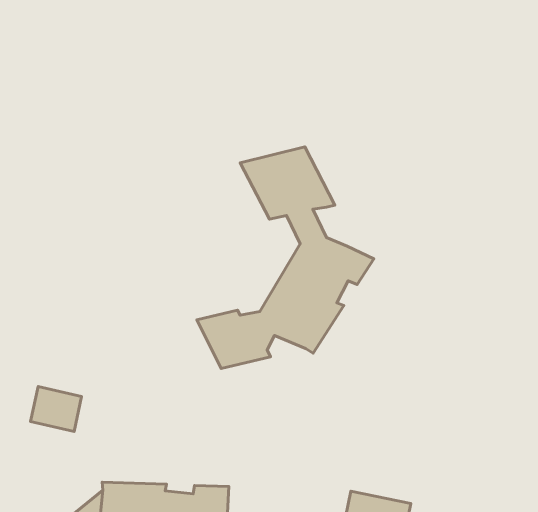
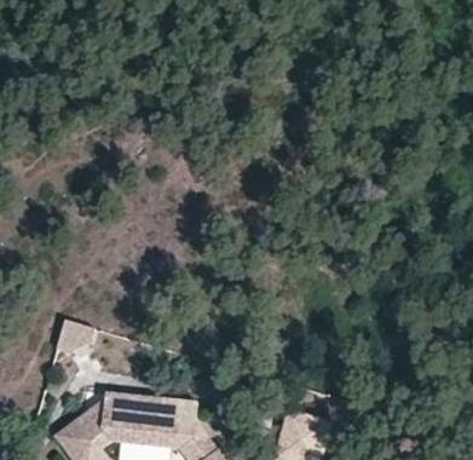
building: [197,147,374,368] -> none

